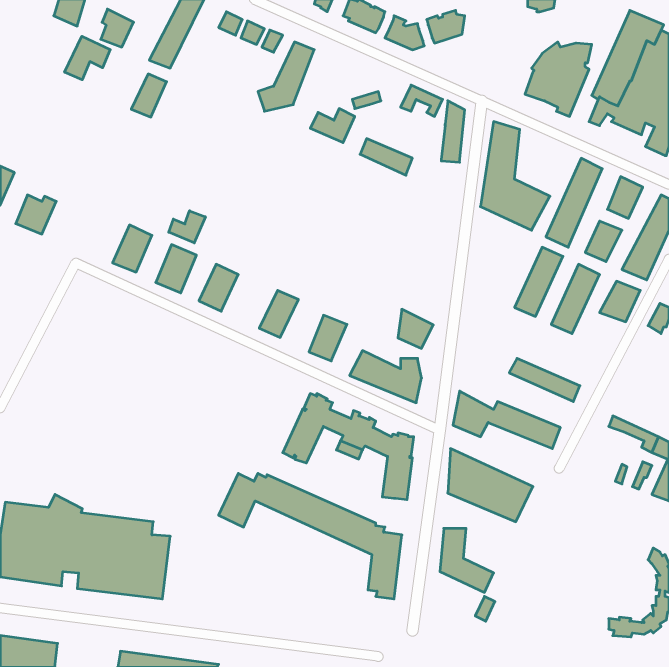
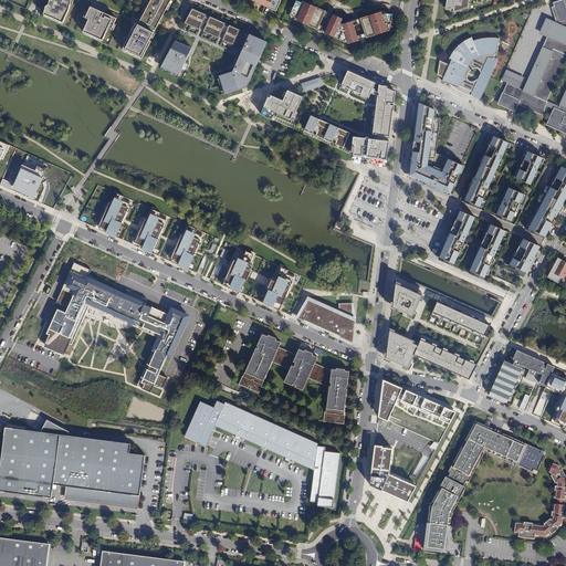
building: [65,36,110,80] -> none
building: [131,74,167,117] -> [160,40,190,76]
building: none -> [352,136,391,160]
building: [169,211,205,243] -> none
building: none -> [40,260,190,389]
building: [398,309,433,348] -> [391,285,421,318]
building: none -> [490,356,526,400]
building: none -> [419,413,546,552]

